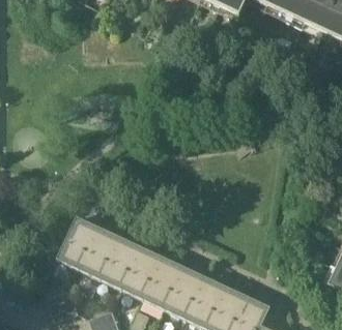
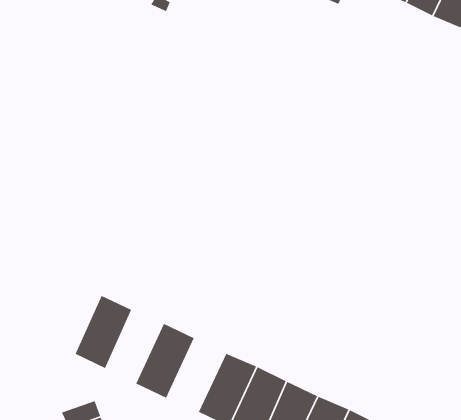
building: [77,227,117,278] -> none
building: [119,246,161,298] -> none

